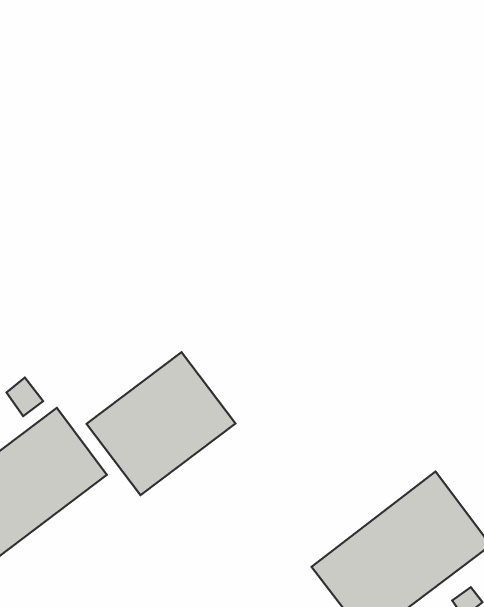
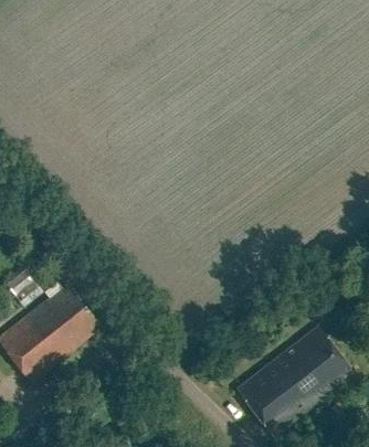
building: [87,352,235,495] -> none

